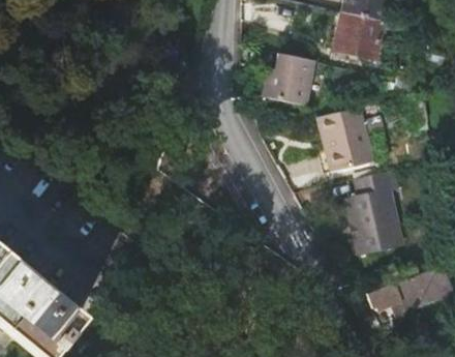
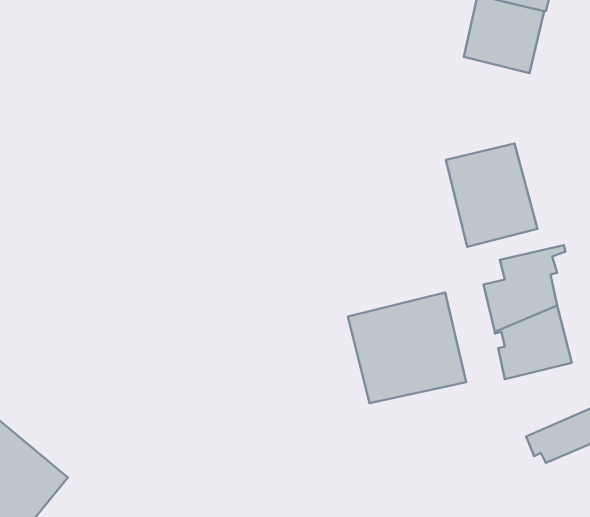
building: [262,53,315,106] -> none
building: none -> [348,293,466,403]

